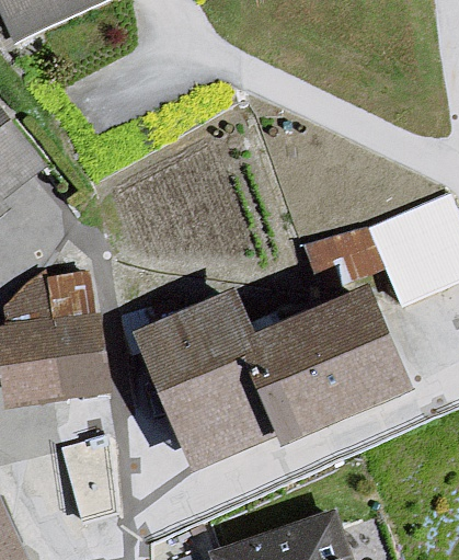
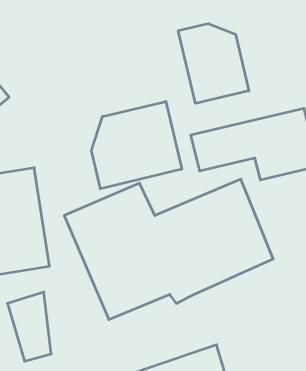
building: none -> [178,24,249,103]
building: none -> [91,101,182,189]

